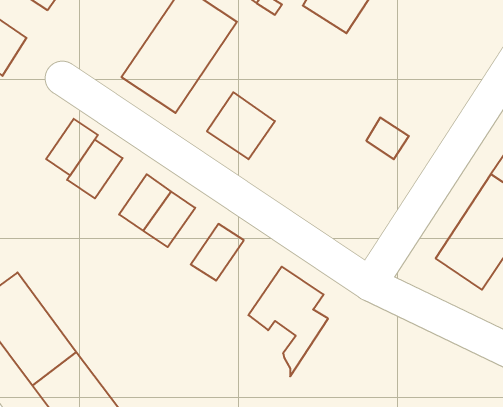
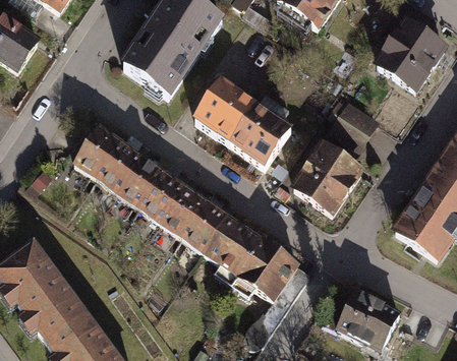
building: none -> [376,19,446,93]
building: [46,119,98,175] -> [97,140,142,190]
building: none -> [232,108,292,167]
building: none -> [293,140,362,212]
building: none -> [161,184,206,234]
building: none -> [204,213,262,279]
building: none -> [337,287,400,346]

